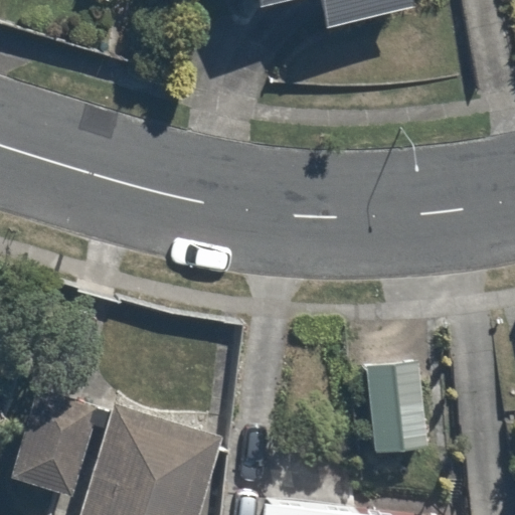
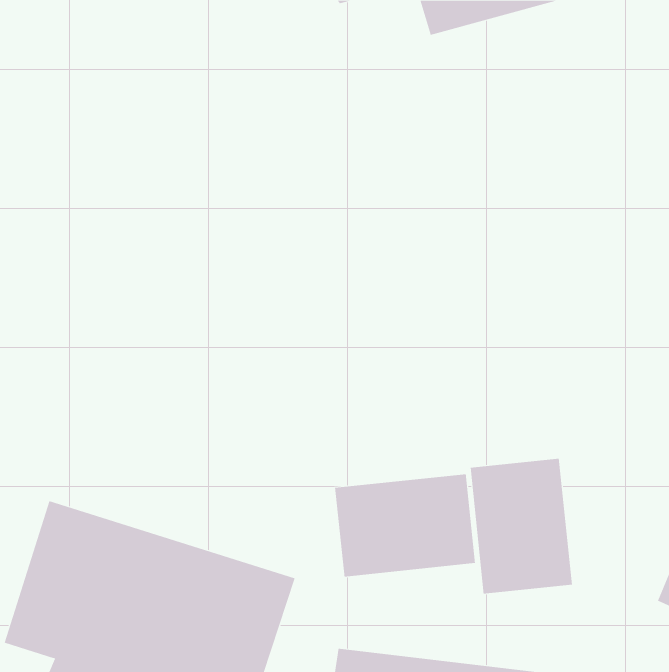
building: none -> [335,473,476,577]

